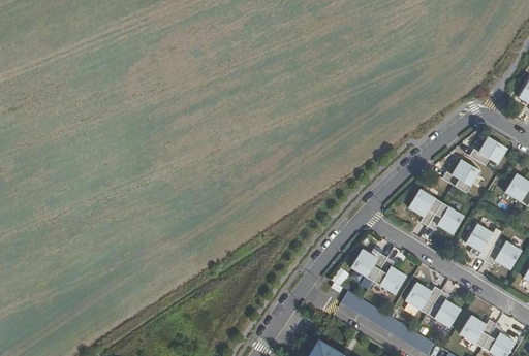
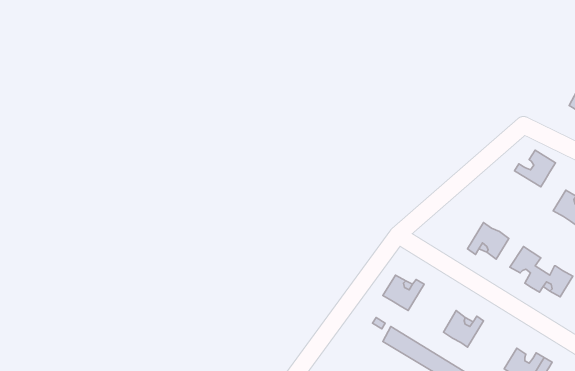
building: [441,159,478,192] -> none
building: [407,188,440,225] -> none
building: [372,257,405,294] -> none
building: [426,290,460,327] -> none

